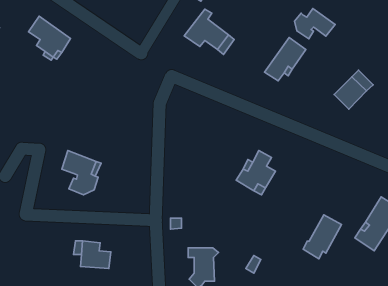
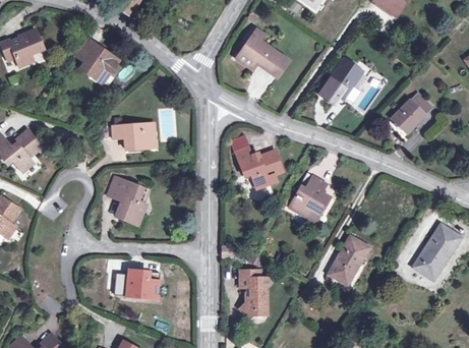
building: [295,8,335,39] -> none
building: none -> [114,122,156,150]
building: none -> [231,137,284,188]
building: [303,215,342,259] -> [330,237,369,283]

